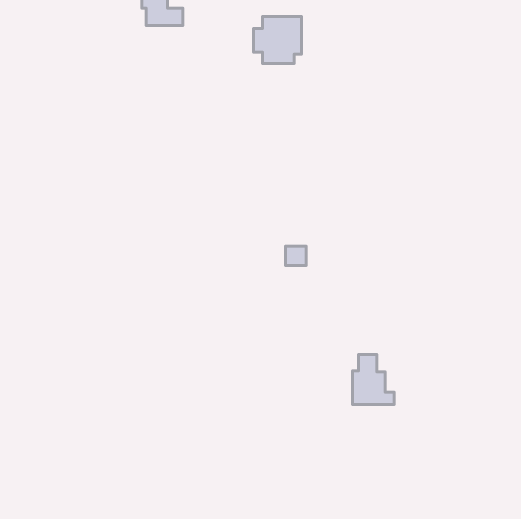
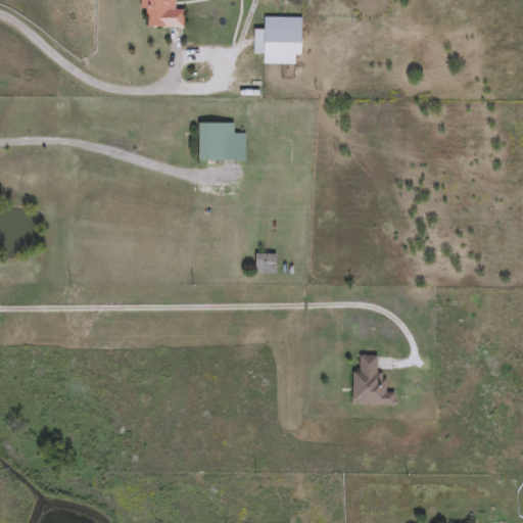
building: none -> [197,122,245,159]
building: [286,246,306,266] -> [255,253,276,273]

